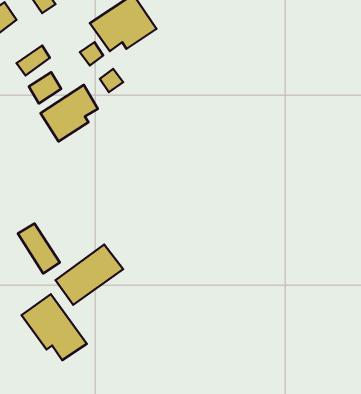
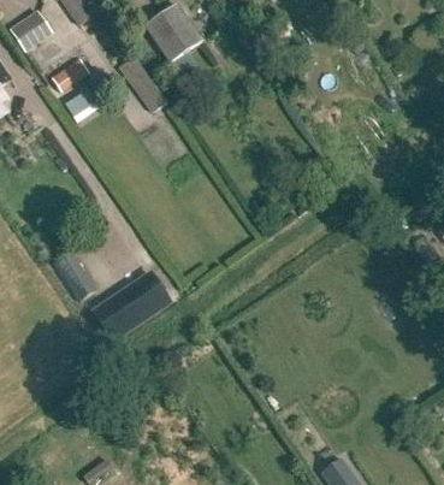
building: [40,85,98,142] -> none
building: [21,294,87,360] -> none

